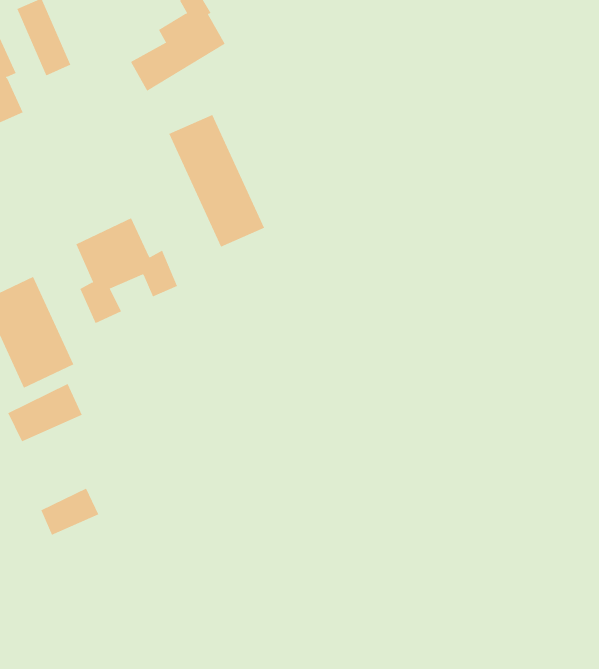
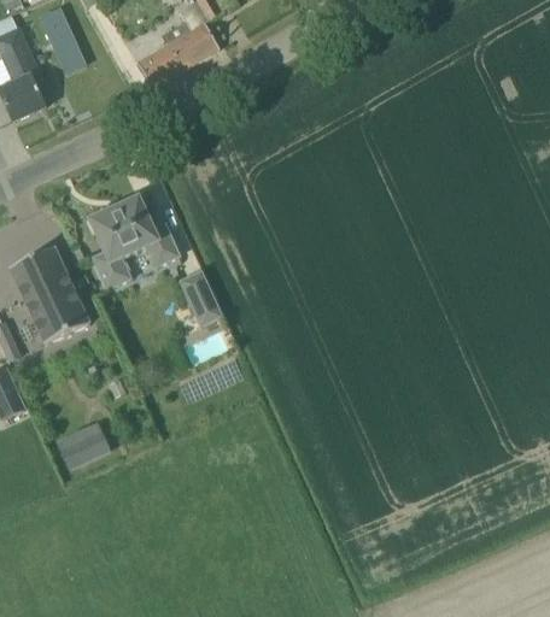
building: [169,114,265,247] -> none
building: none -> [180,270,220,323]
building: [7,383,82,442] -> none

